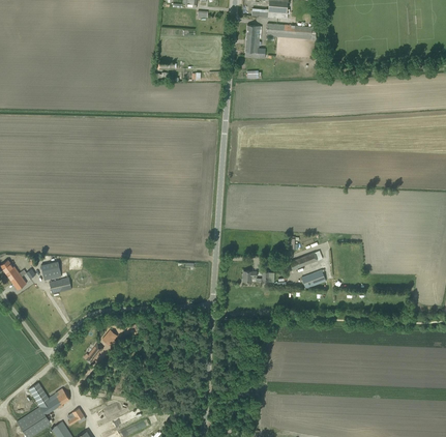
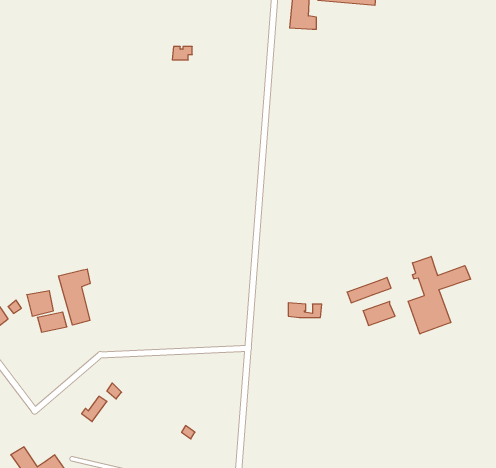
building: none -> [408,256,471,334]
building: none -> [58,269,90,325]

